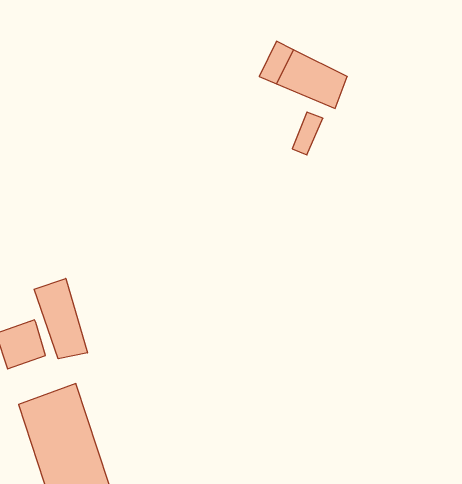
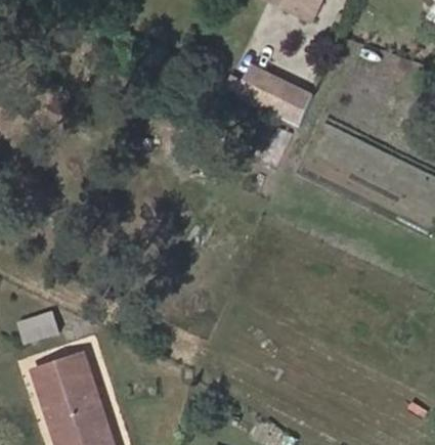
building: [34,278,87,359] -> none

